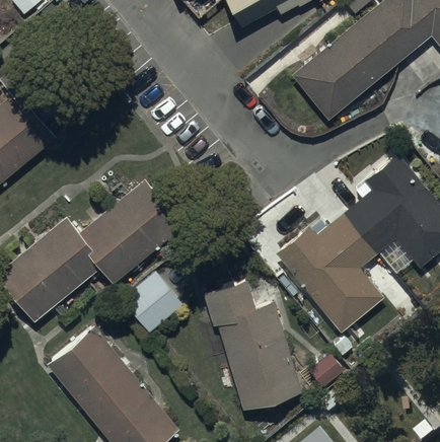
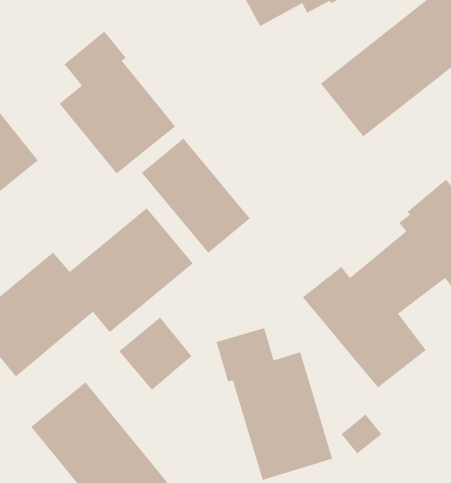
building: none -> [58,31,176,175]
building: none -> [141,137,251,254]

